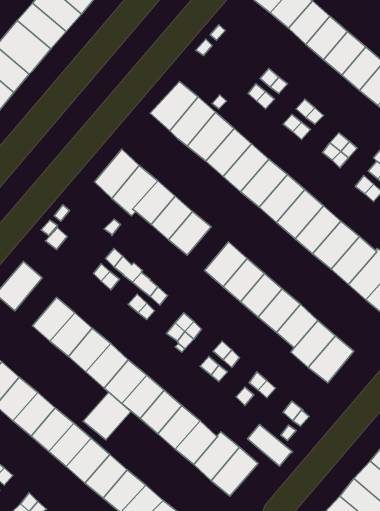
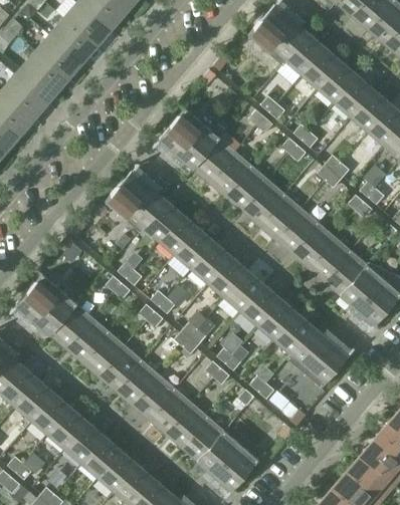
building: none -> [193,242,231,282]
building: none -> [34,289,77,333]
building: [83,392,131,440] -> none
building: [248,425,292,466] -> none

